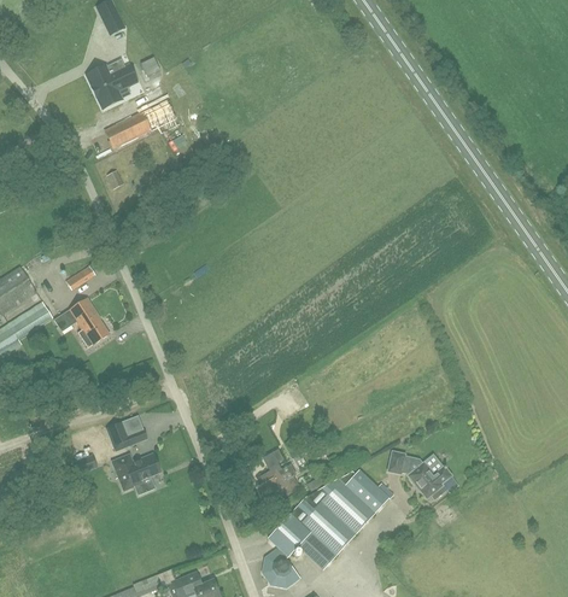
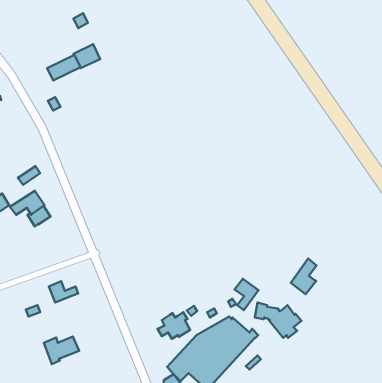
building: [87,63,136,106] -> none
building: none -> [291,258,317,294]
building: none -> [234,279,258,310]
building: [113,452,162,490] -> [44,337,79,364]

